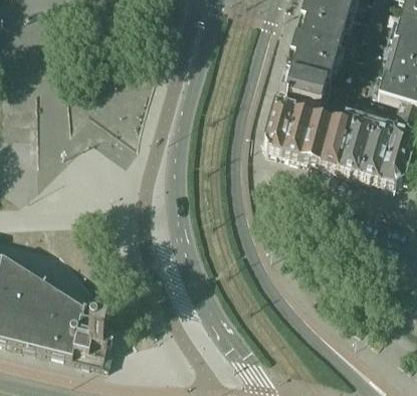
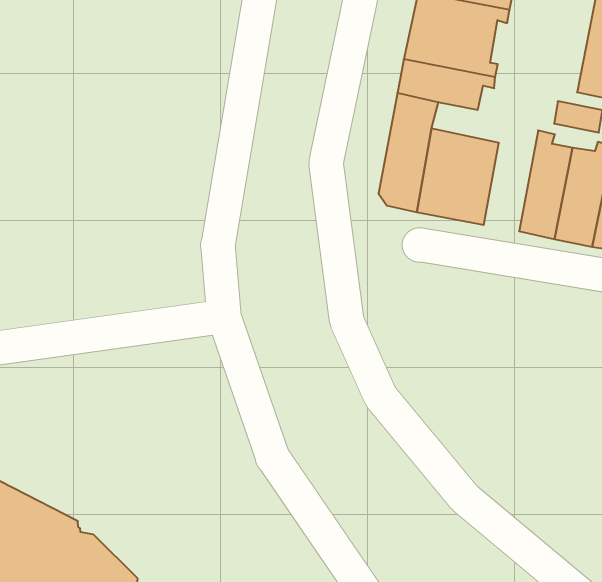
building: [321,109,355,165] -> none

